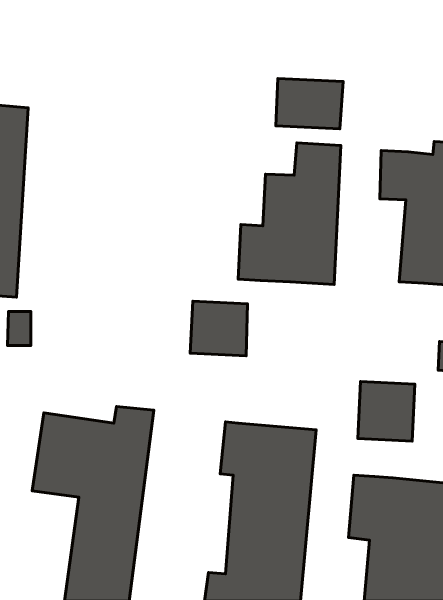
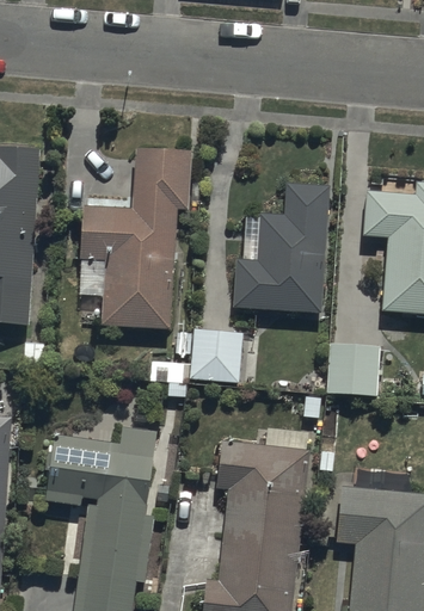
building: [276,78,343,129] -> none
building: none -> [81,150,188,329]
building: [358,381,415,441] -> [325,340,377,395]

